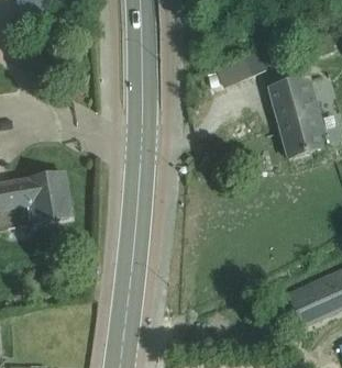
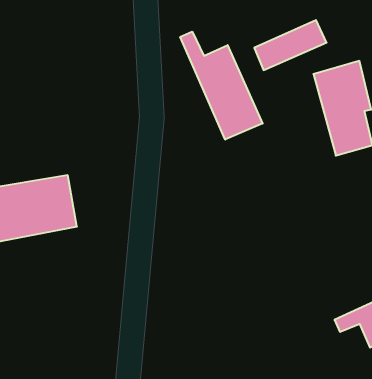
building: none -> [180,32,263,140]

